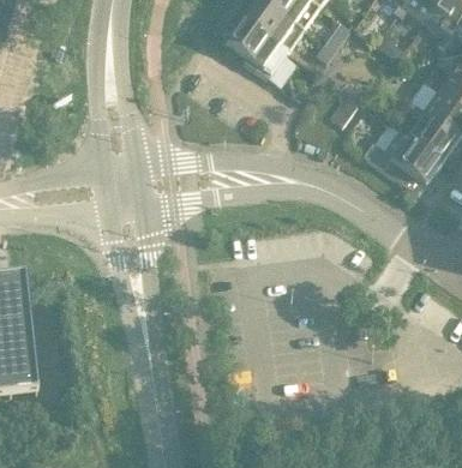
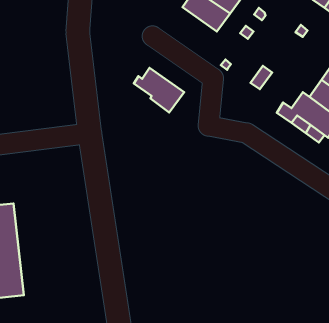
building: [220,17,284,74] -> [134,68,184,113]

